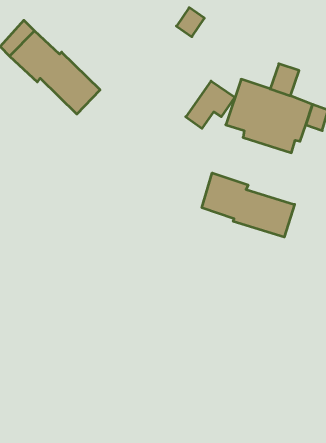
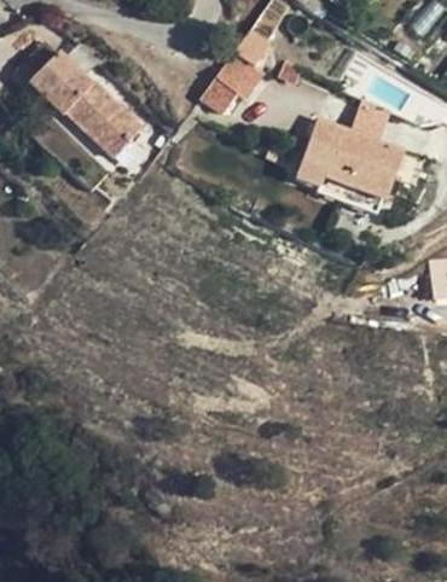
building: [186,81,235,128] -> [202,50,263,109]
building: [202,173,295,237] -> none

